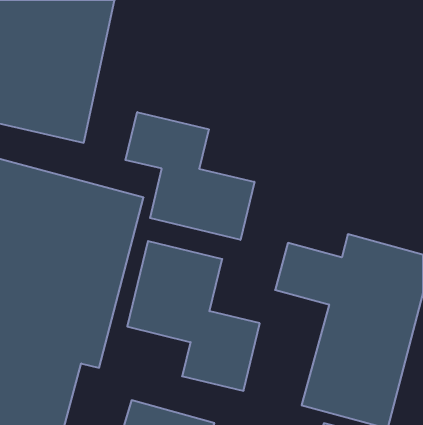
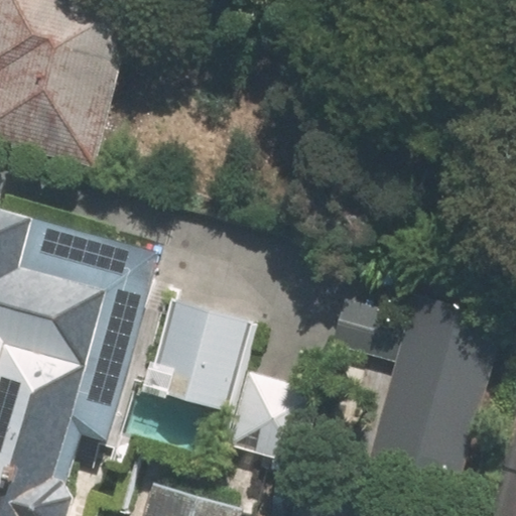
building: [125,112,254,240] -> none

